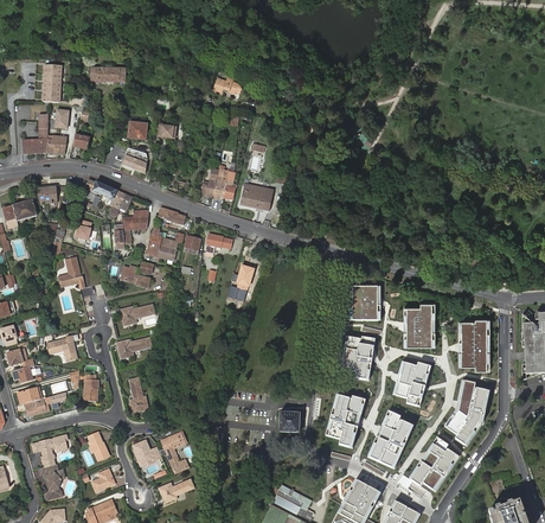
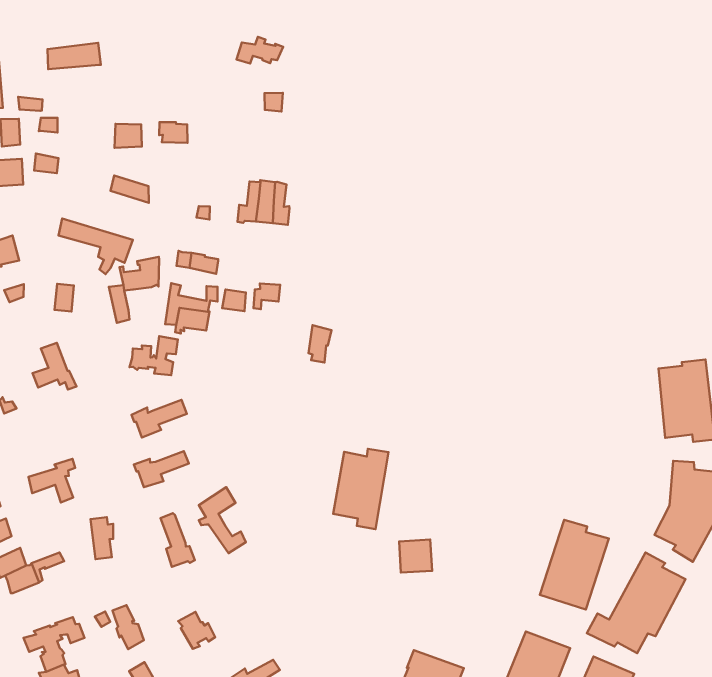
building: [239,183,272,211] -> none
building: [352,285,379,321] -> none
building: [403,302,435,346] -> none
building: [341,334,374,378] -> none
building: [392,362,431,407] -> none
building: [325,395,365,447] -> [333,449,389,529]
building: [160,430,188,473] -> [199,487,246,553]

